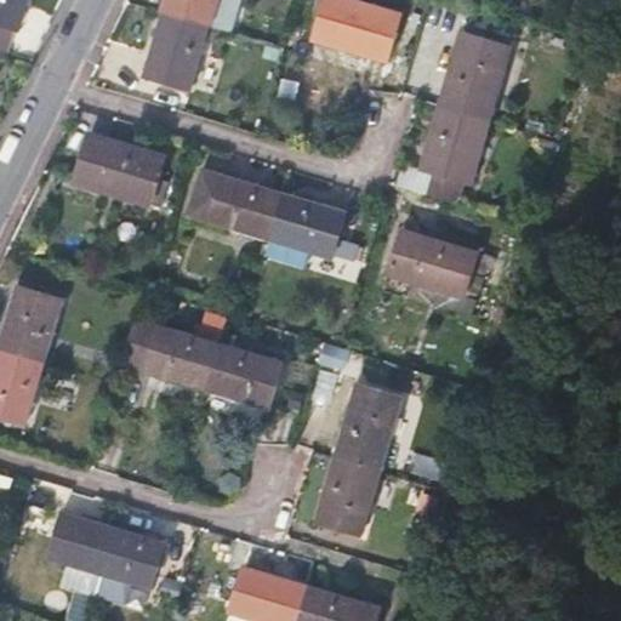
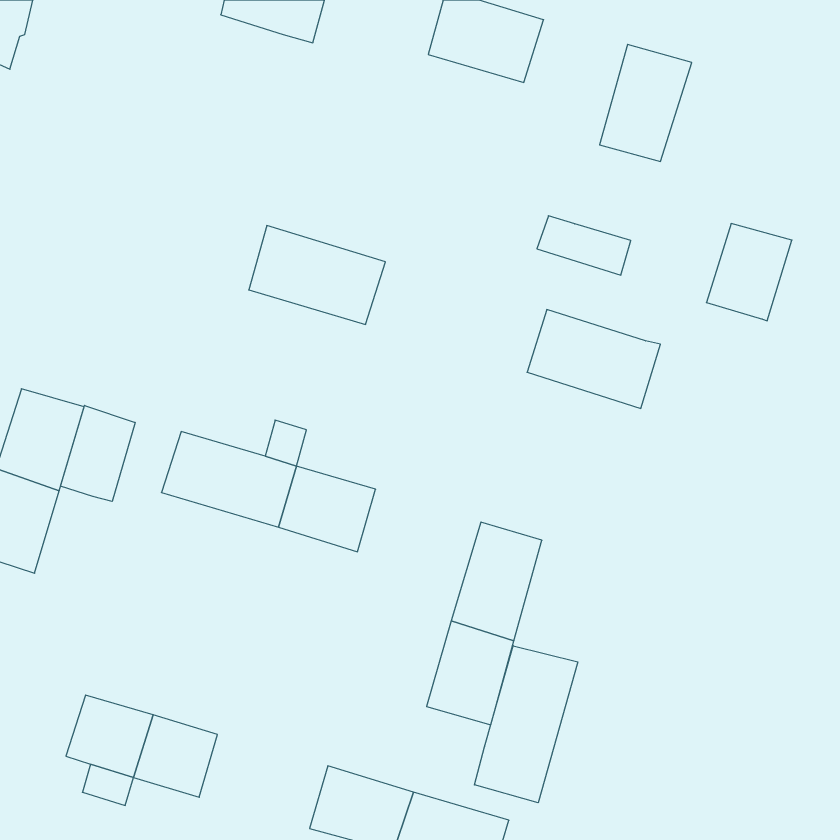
building: [144,12,209,89] -> none
building: [423,108,486,180] -> [706,224,792,321]
building: [75,135,165,207] -> none
building: [269,193,343,258] -> none
building: none -> [61,405,135,501]
building: none -> [474,646,578,803]

